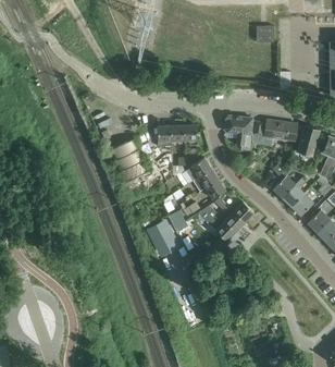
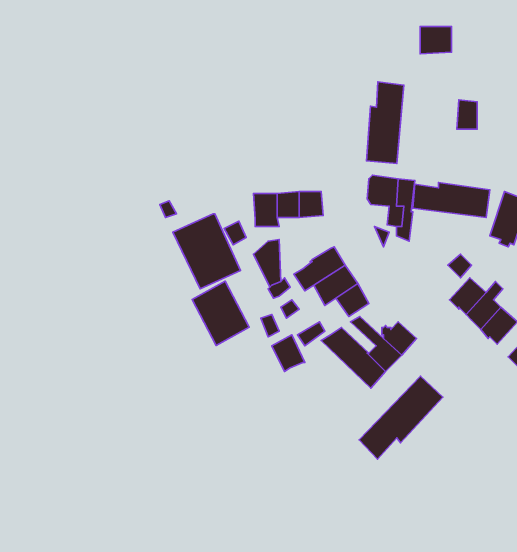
building: none -> [367,82,404,163]
building: [146,219,179,257] -> [192,281,249,346]
building: none -> [359,376,443,459]

